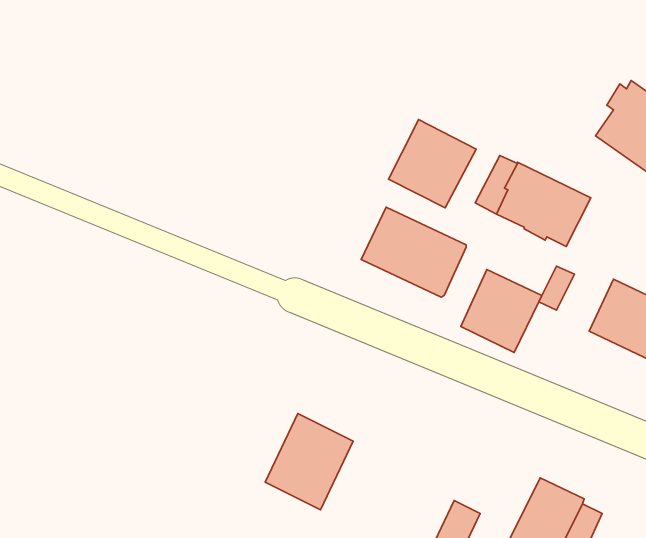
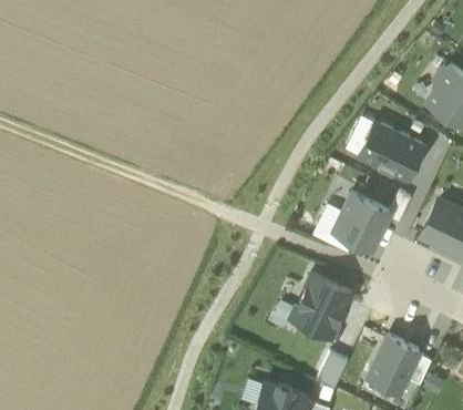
building: [389,119,476,208] -> none
building: [361,207,466,297] -> none
building: [265,414,353,510] -> [291,274,351,339]

